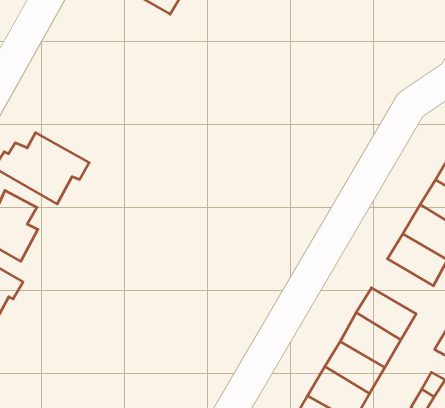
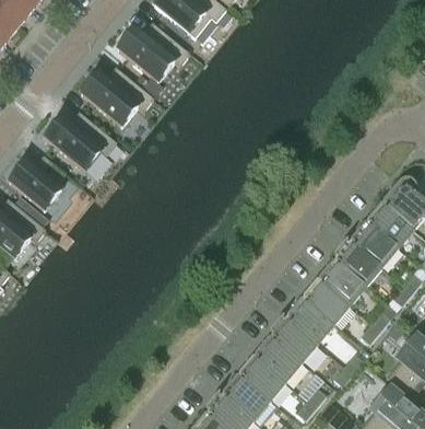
building: none -> [117,23,189,82]
building: none -> [80,67,152,126]
building: none -> [318,258,367,305]

